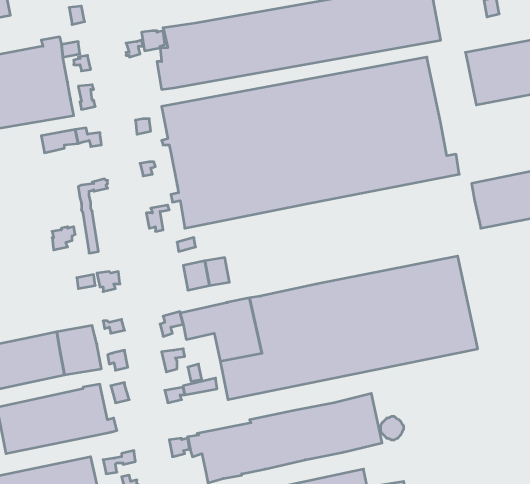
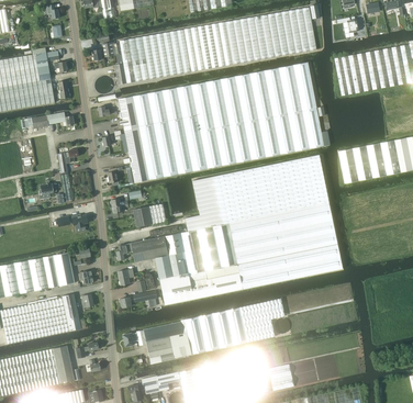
building: none -> [186,155,330,232]

